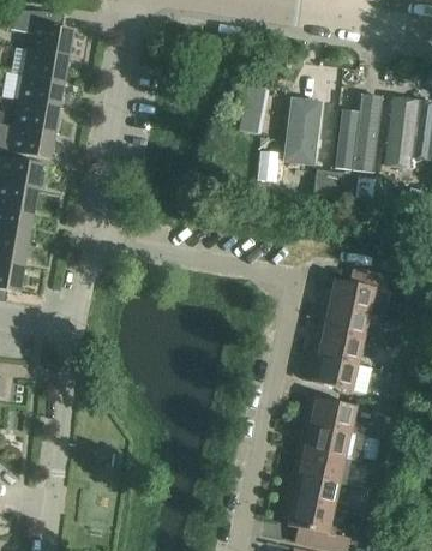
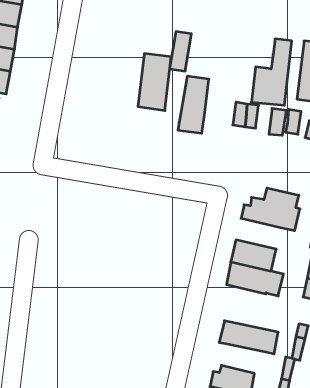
building: [286,98,324,164] -> [138,54,171,111]
building: [317,304,368,340] -> none
building: [304,396,384,439] -> none
building: [293,449,352,485] -> none

